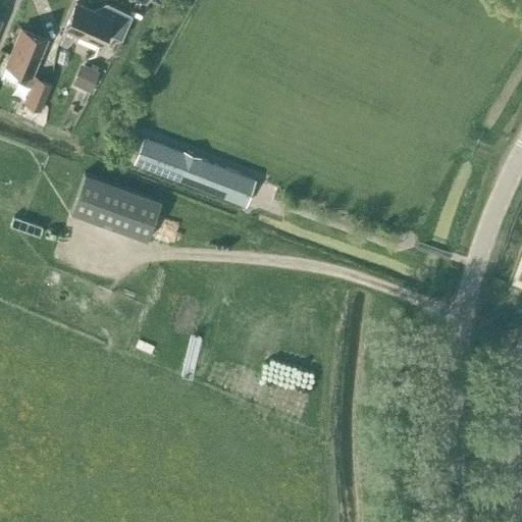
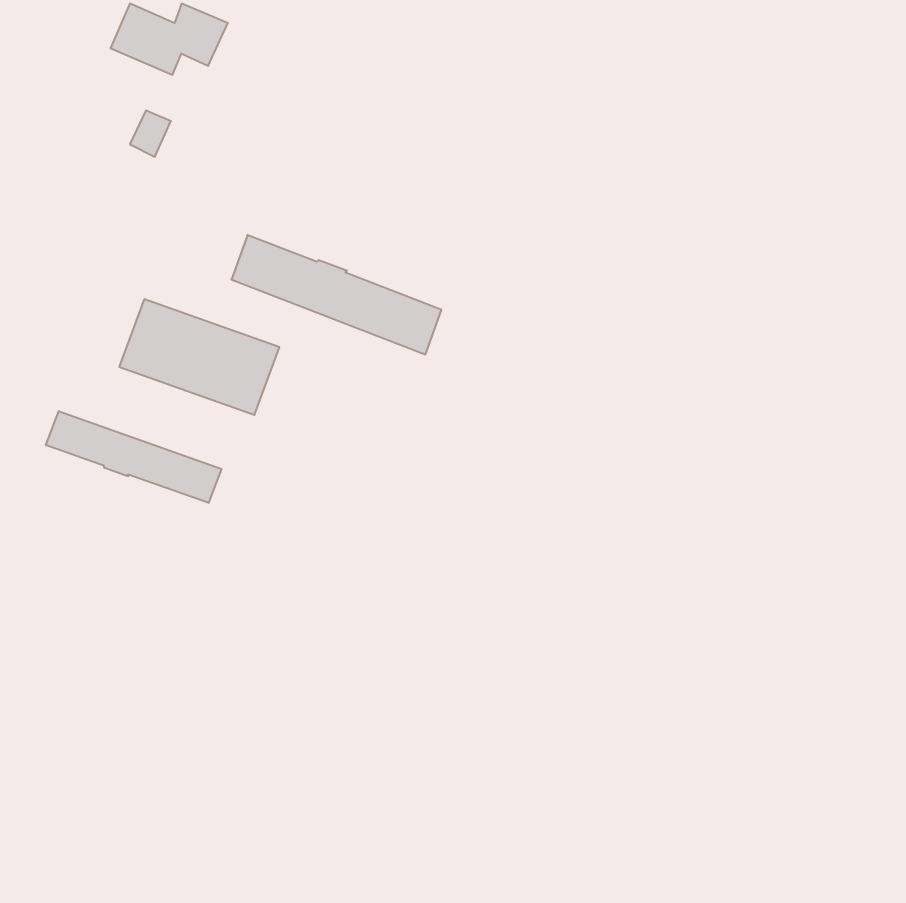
building: [7,32,51,111] -> none
building: none -> [46,411,222,503]

